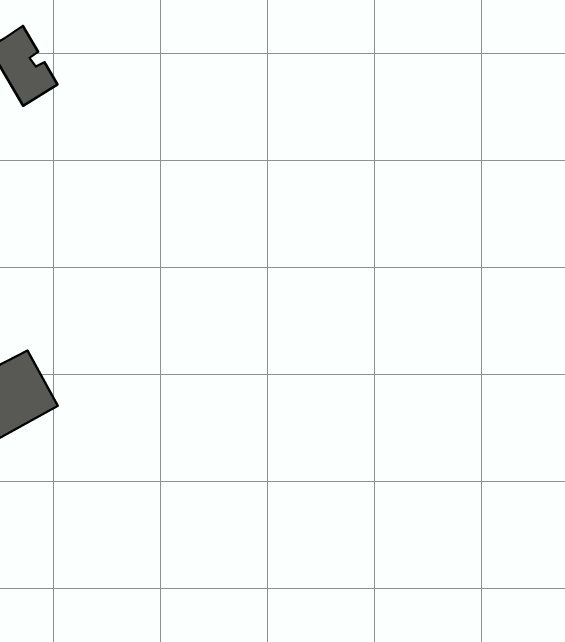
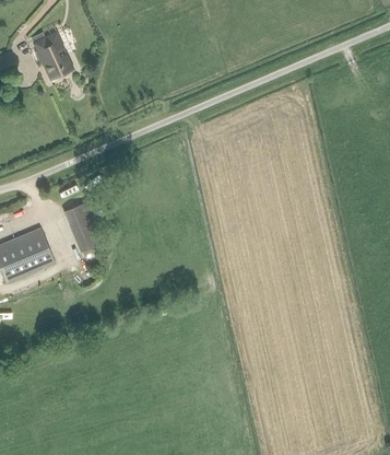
building: none -> [63,200,106,255]

